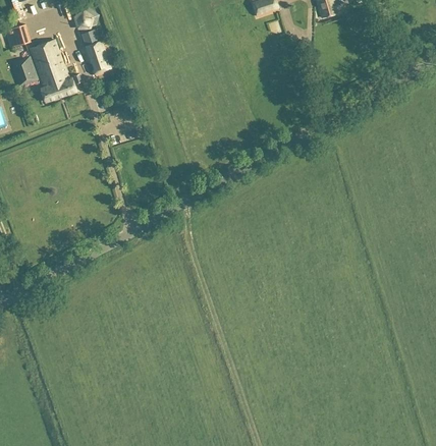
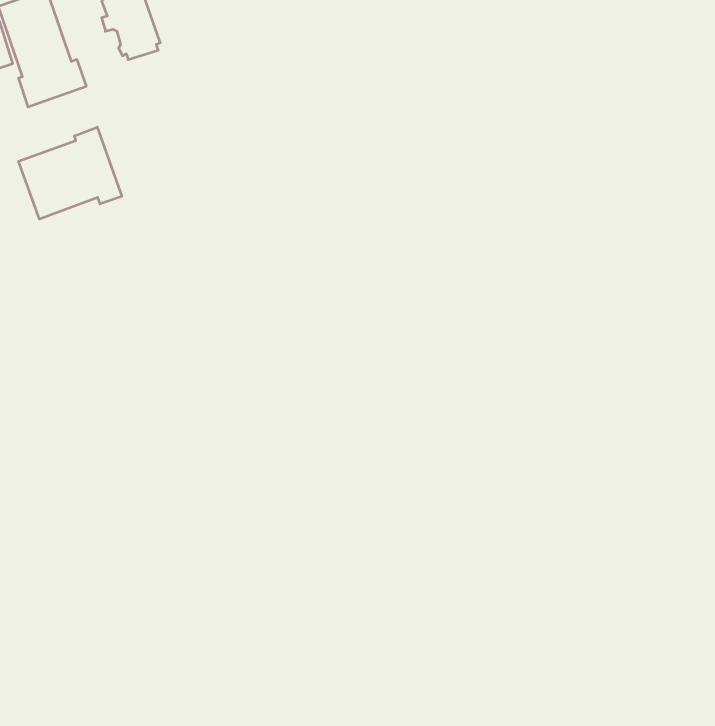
building: none -> [19,127,122,219]

